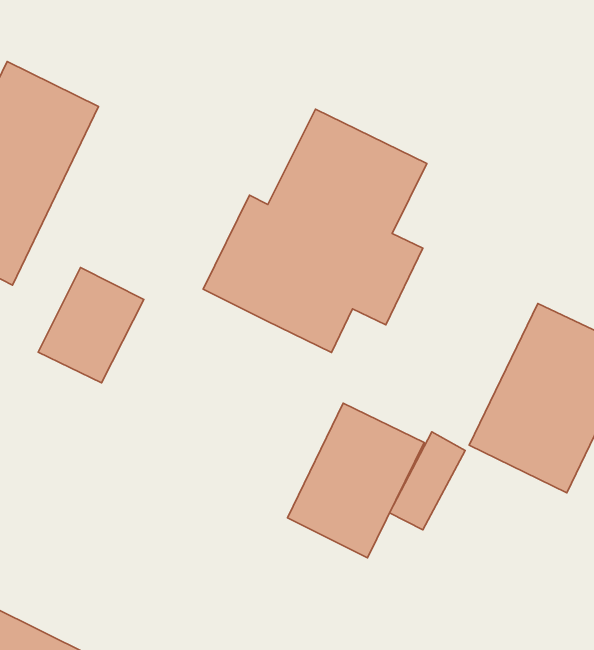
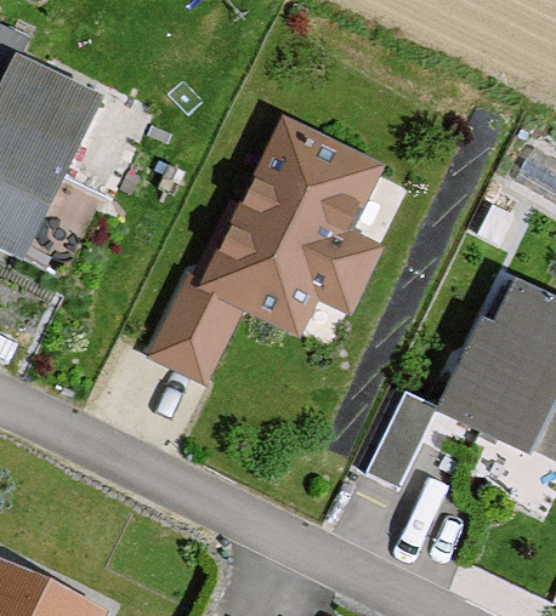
building: [38,268,144,383] -> [152,270,249,376]
building: [287,403,424,558] -> none

